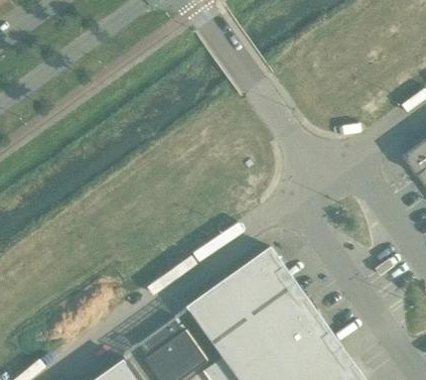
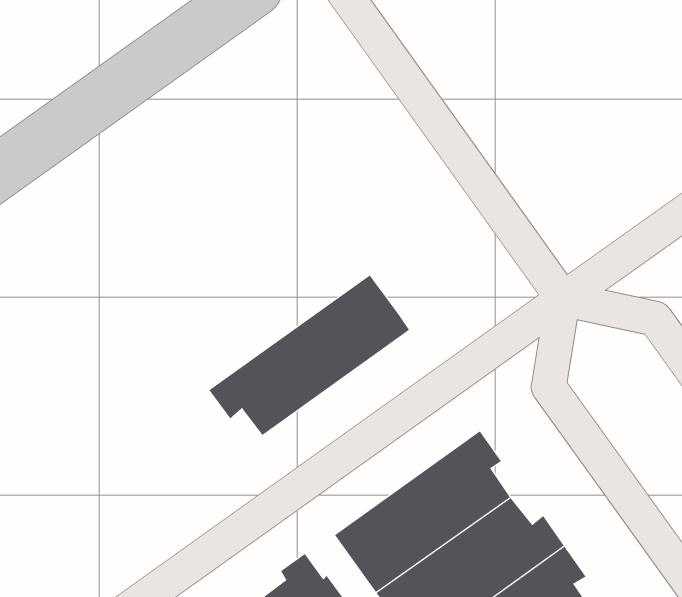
building: none -> [209,274,410,436]

